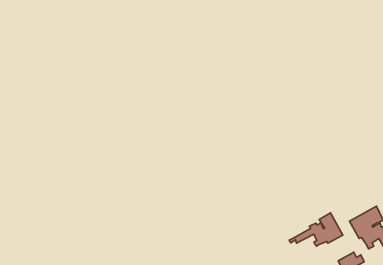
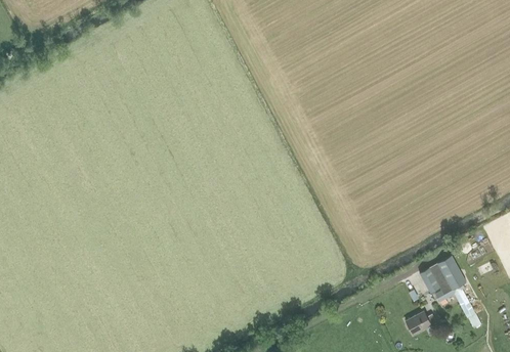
building: [289,213,343,246] -> none

